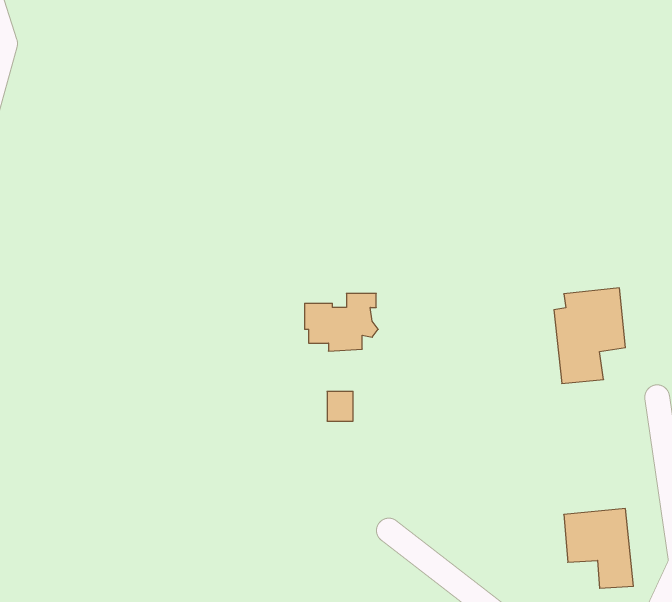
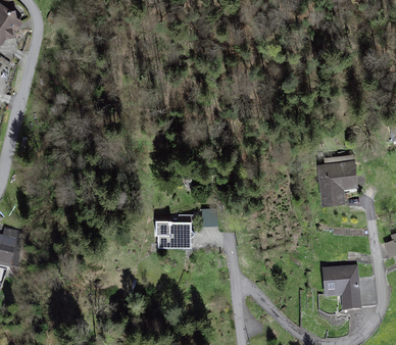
building: [305,293,378,351] -> [156,214,194,244]

